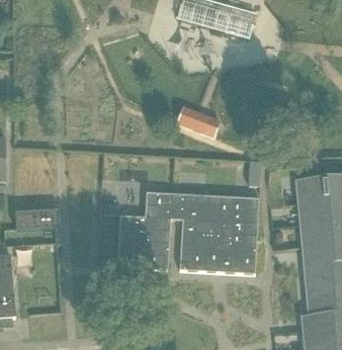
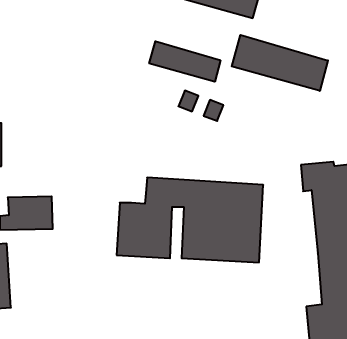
building: none -> [232,35,328,91]
building: none -> [149,41,220,82]

